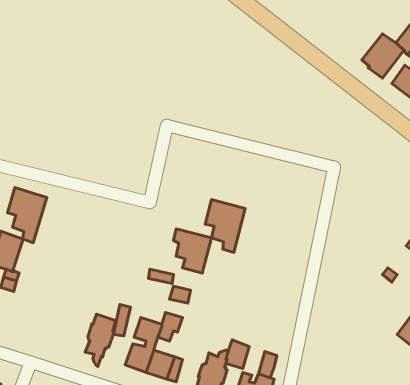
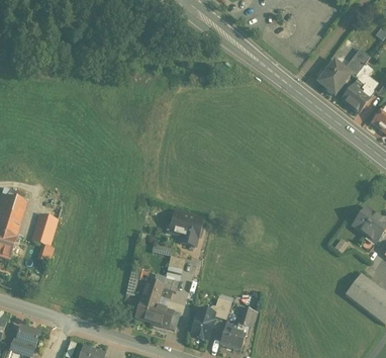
building: [7,188,47,243] -> none
building: [205,200,245,253] -> none
building: [85,314,116,367] -> none

